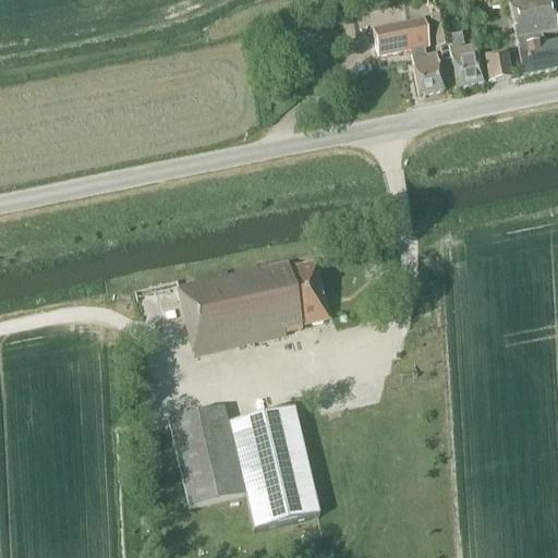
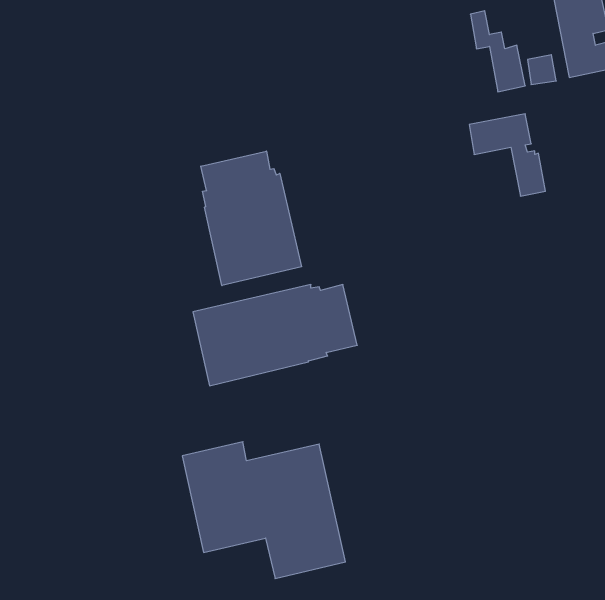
building: [374,16,444,92] -> [469,114,545,196]
building: none -> [201,151,301,286]

